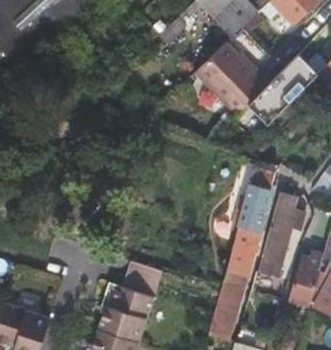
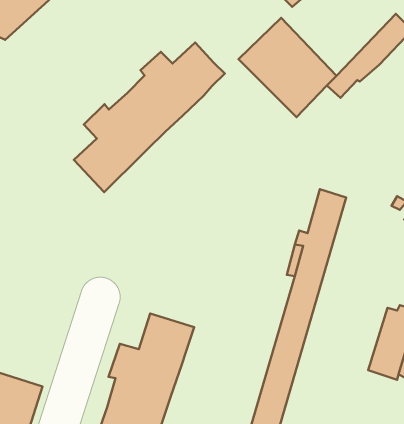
building: none -> [74,42,225,192]
building: [256,193,302,280] -> none

